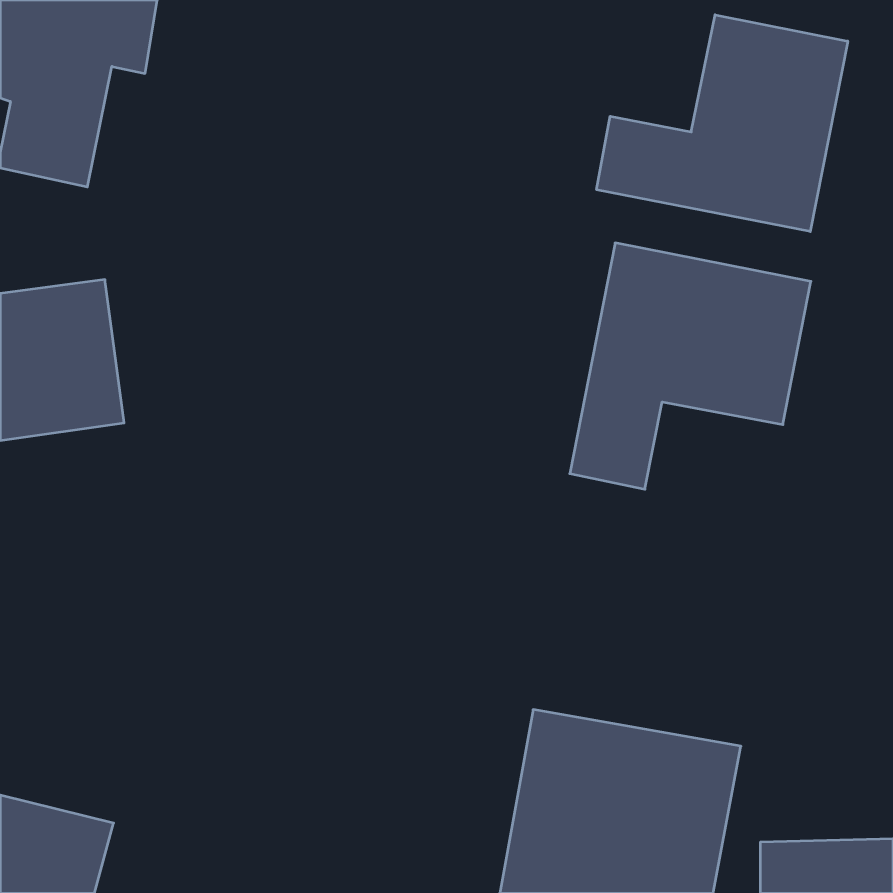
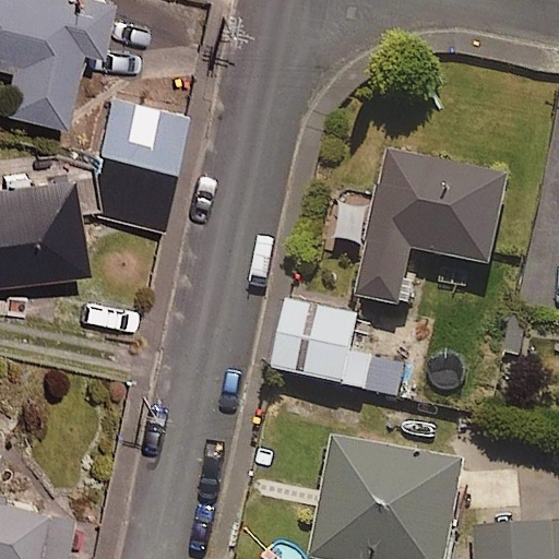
building: [597,15,848,232] -> none
building: none -> [90,97,181,226]
building: none -> [272,301,405,397]

